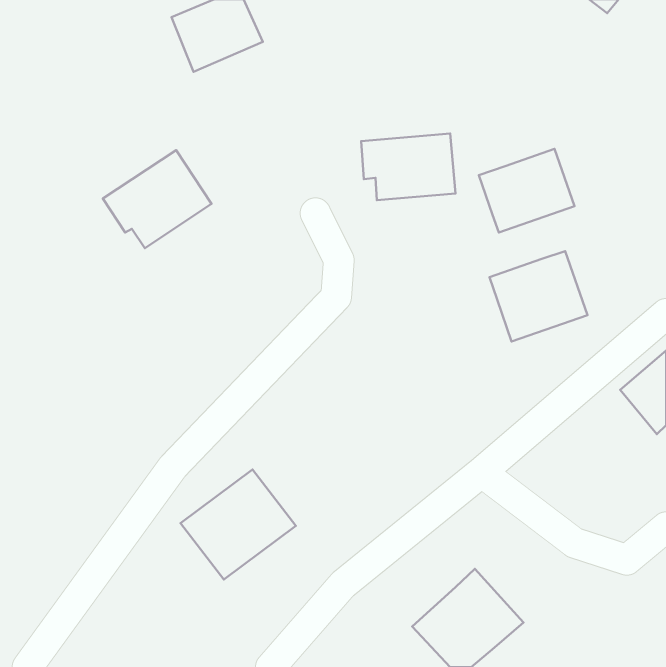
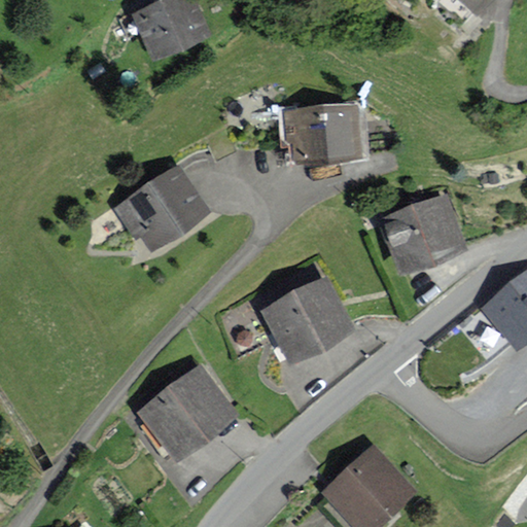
building: [479,149,575,232] -> none
building: [103,150,212,248] -> [118,169,204,246]
building: none -> [264,279,350,359]

